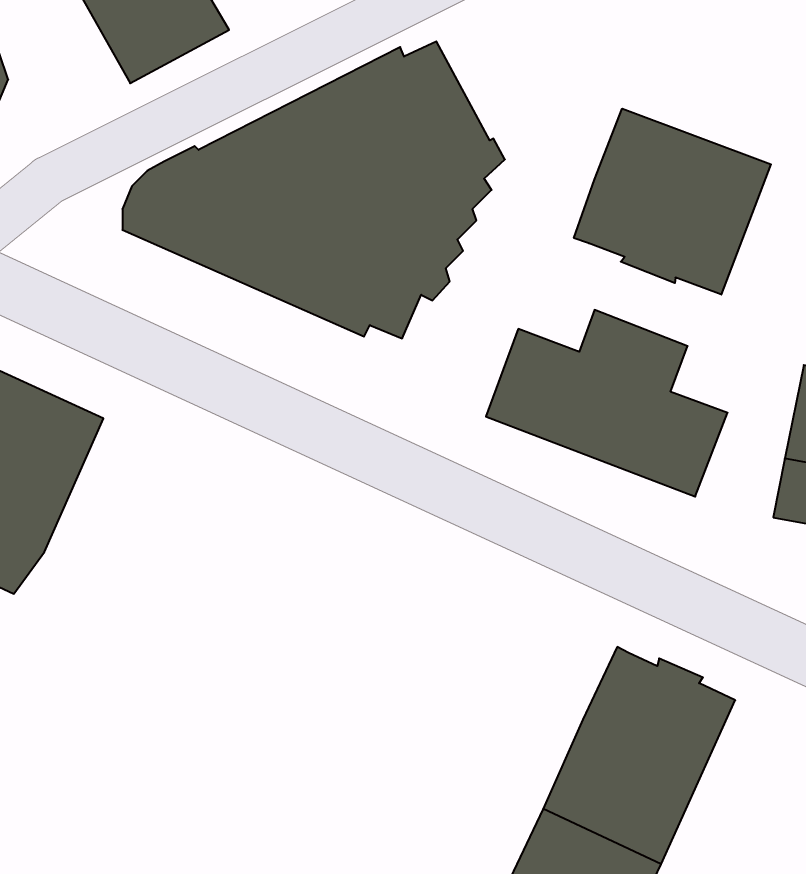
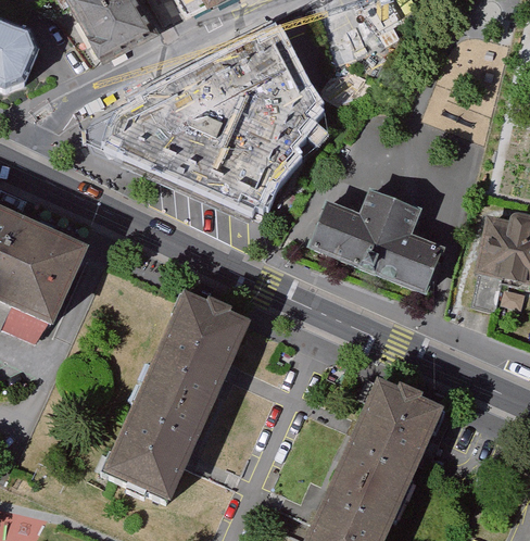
building: [574,109,771,295] -> none
building: none -> [98,290,250,502]

